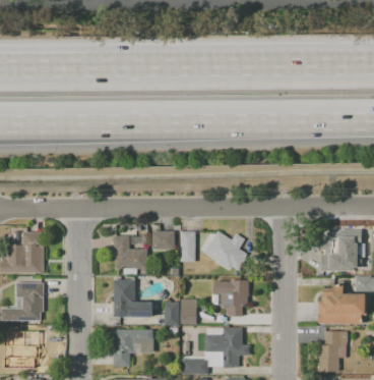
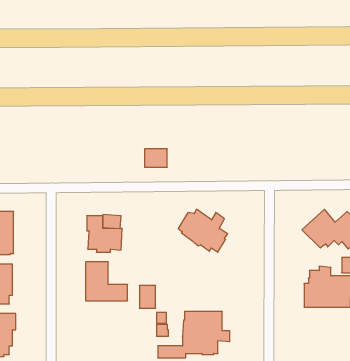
building: [152,231,174,249] -> [145,149,167,167]
building: [180,231,195,262] -> none
building: [214,280,249,317] -> none
building: [180,298,196,324] -> none
building: [113,329,153,366] -> none
building: [318,331,345,370] -> none

